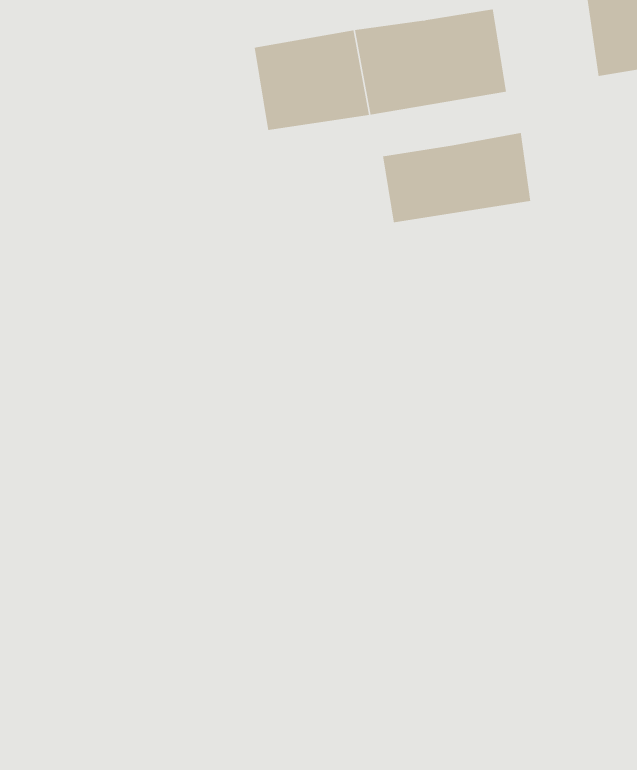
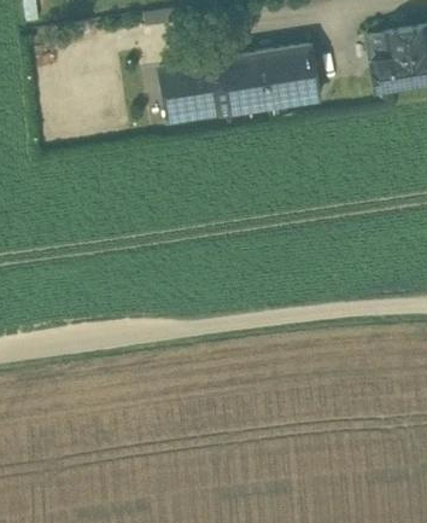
building: [383,132,531,223] -> none

